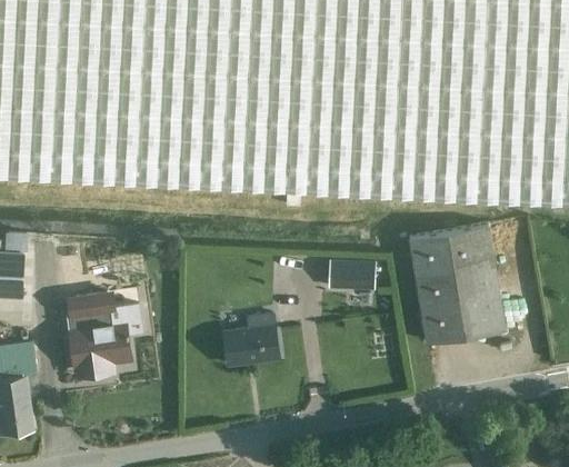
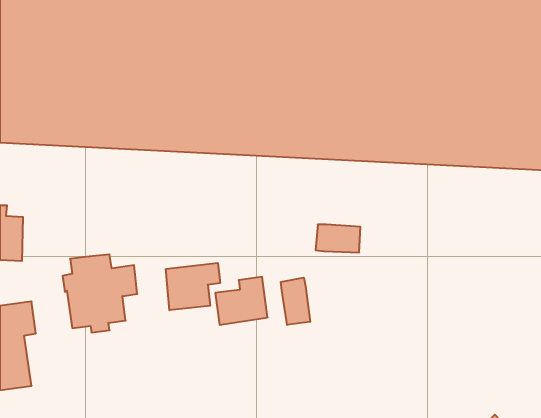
building: [409,223,508,344] -> none
building: none -> [166,263,220,310]
building: none -> [281,278,310,325]

